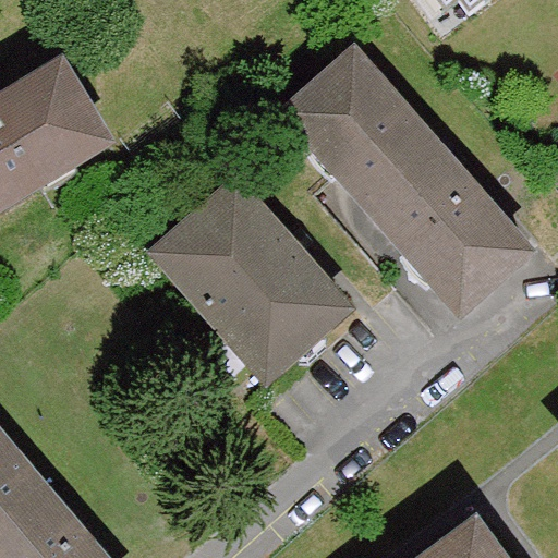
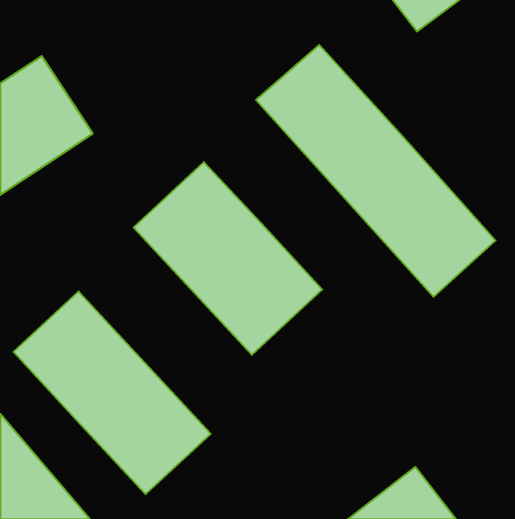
building: none -> [13,291,211,494]

